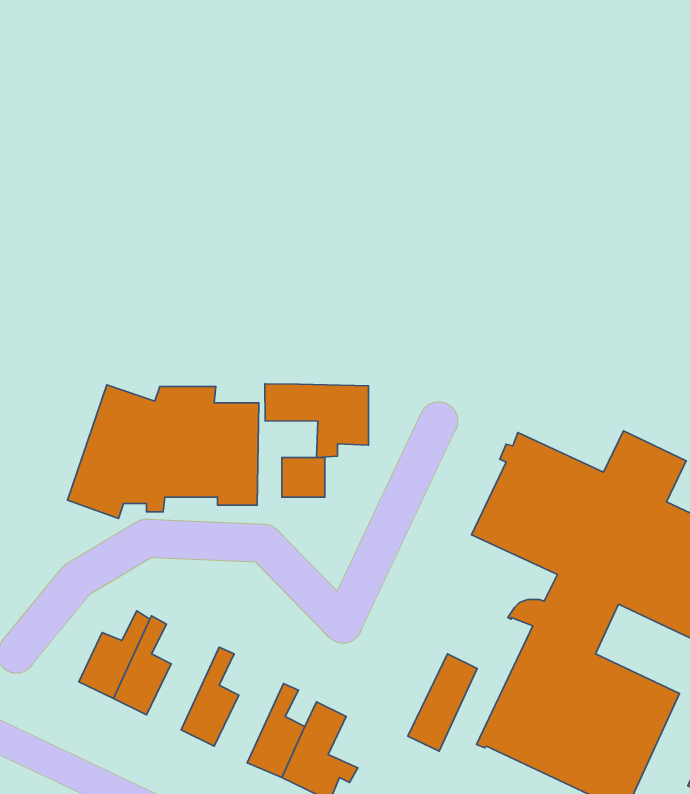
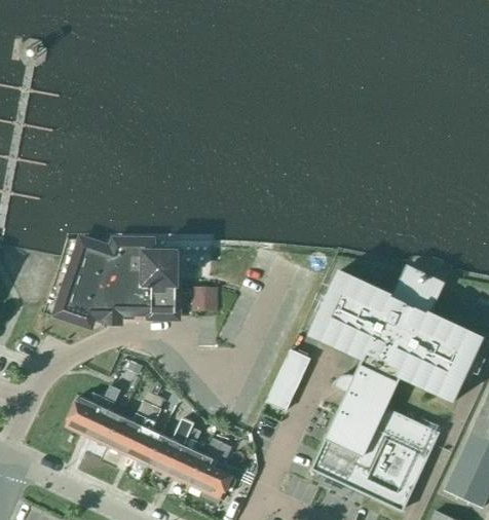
building: [265,384,369,457] -> none
building: none -> [107,400,152,455]
building: [408,654,477,751] -> [266,349,309,410]
building: none -> [149,418,193,476]

